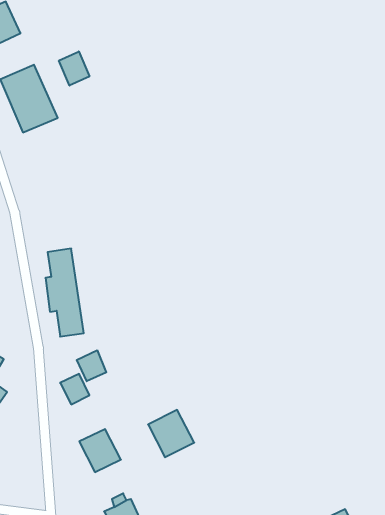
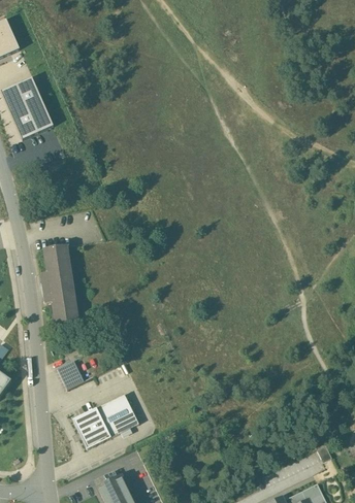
building: [59,51,89,86] -> none
building: [77,350,106,381] -> none
building: [148,410,194,457] -> [97,396,139,439]

